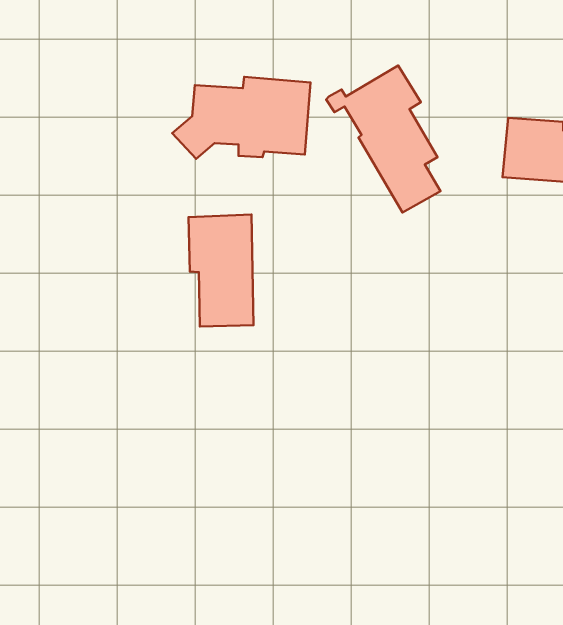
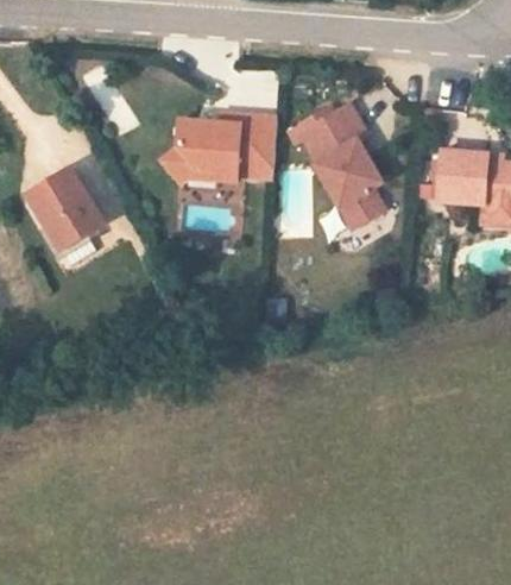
building: none -> [21,164,101,259]
building: [189,215,254,327] -> none

